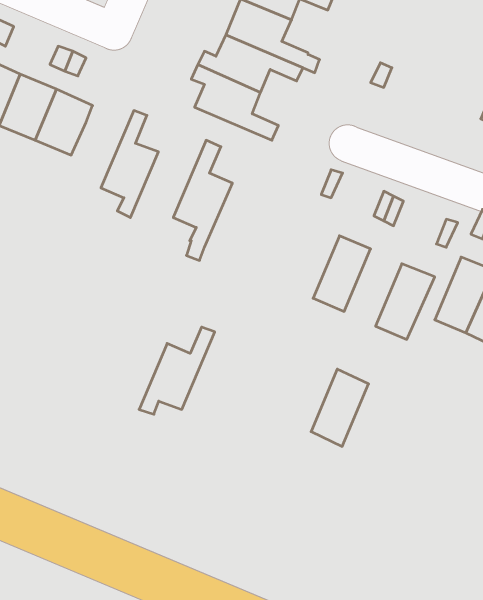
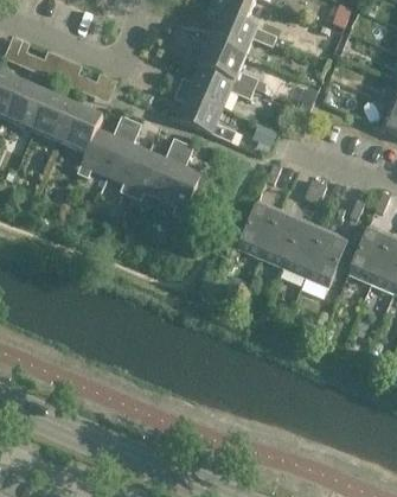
building: none -> [77,115,132,178]
building: none -> [237,200,280,255]
building: [139,327,215,414] -> [129,138,184,200]
building: [311,369,369,446] -> [283,219,325,275]

